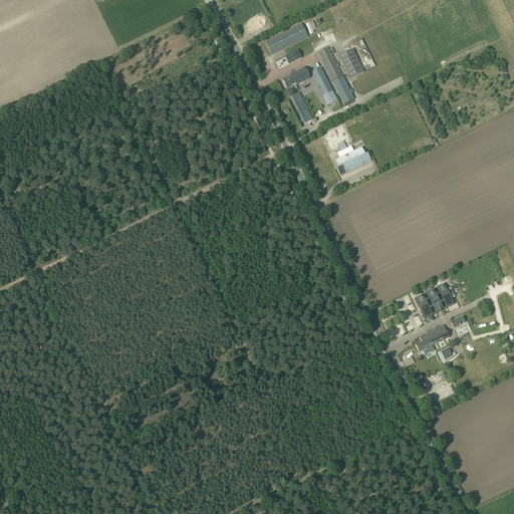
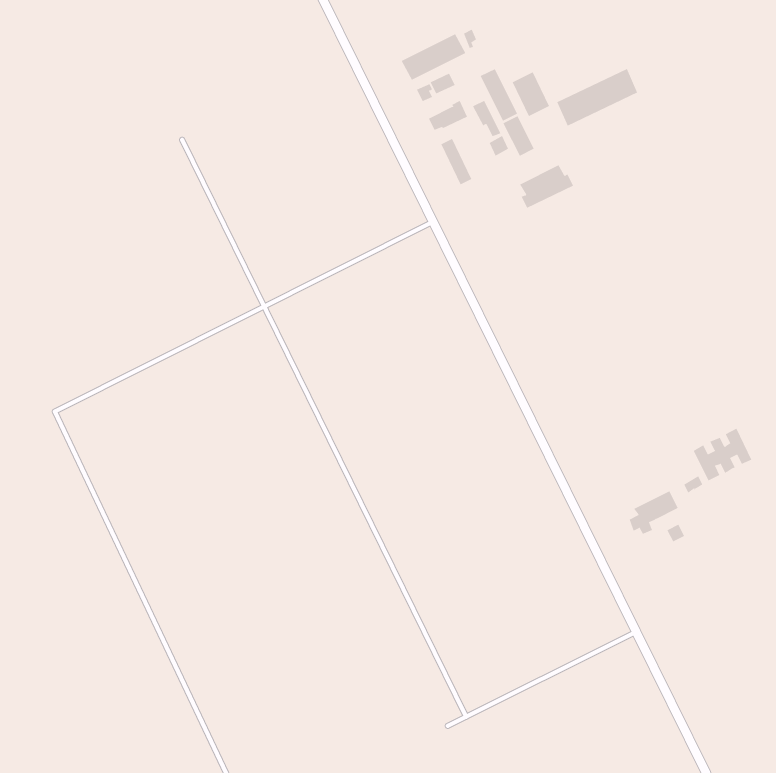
building: none -> [557,68,638,127]
building: [335,146,371,175] -> [519,165,574,209]
building: [415,282,454,317] -> [693,428,752,481]

